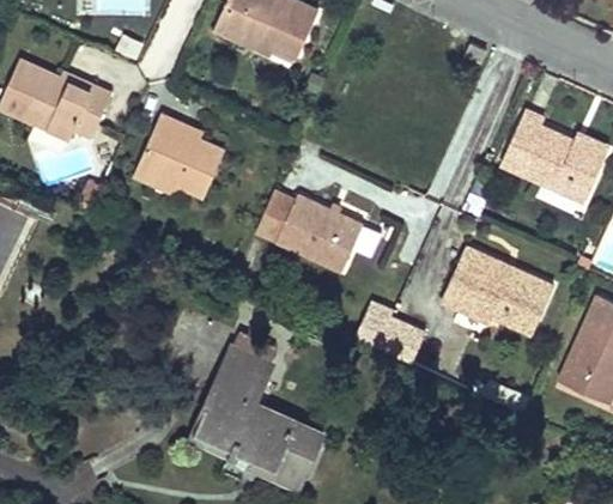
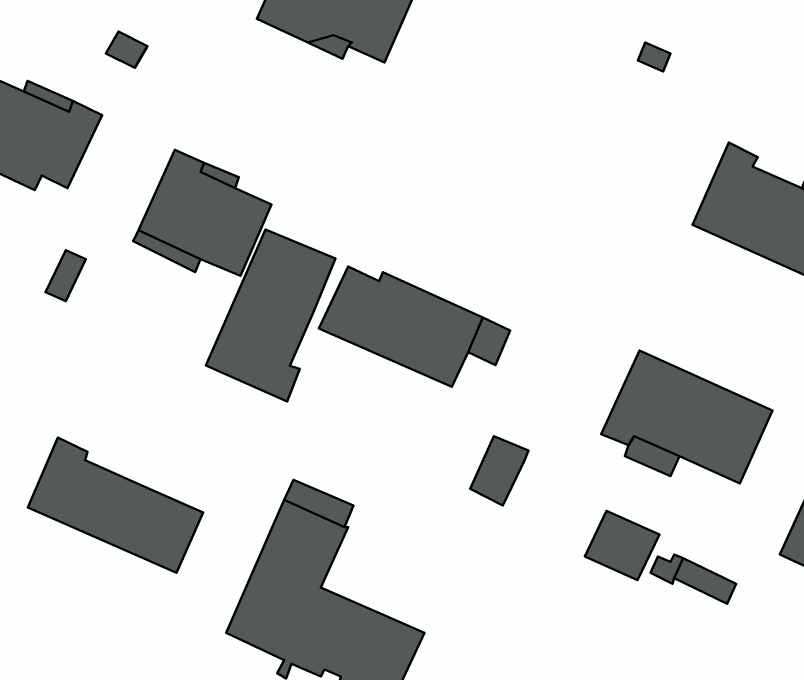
building: none -> [206,230,336,402]
building: none -> [28,438,203,573]
building: [376,318,425,364] -> [585,511,659,580]

